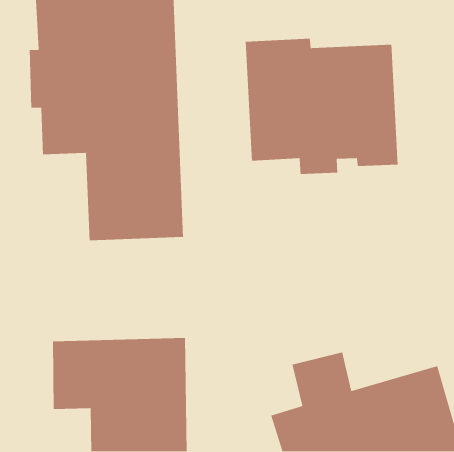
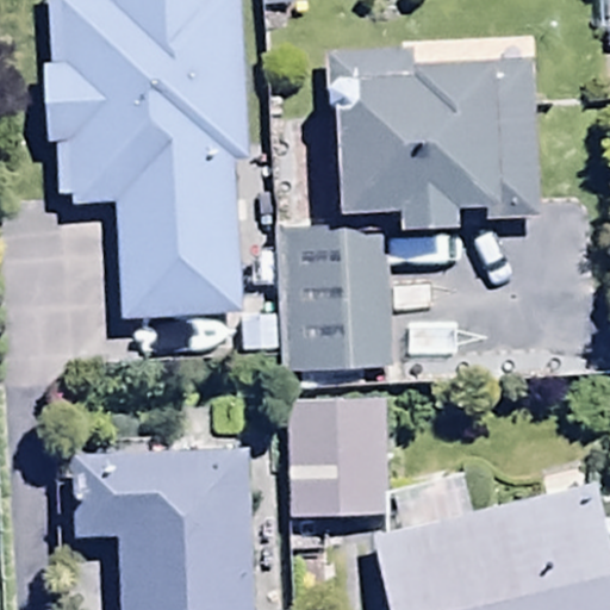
building: none -> [284,224,397,369]
building: none -> [286,394,387,529]

